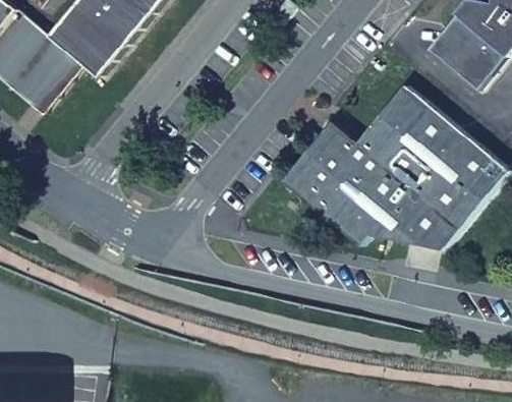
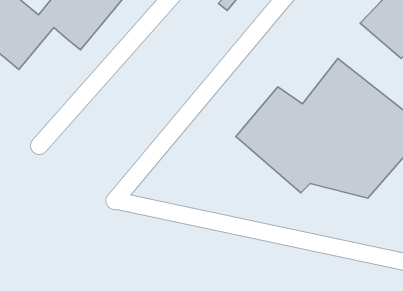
building: [25,50,82,114] -> none

